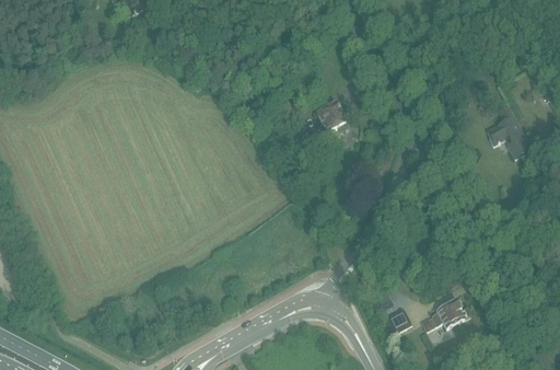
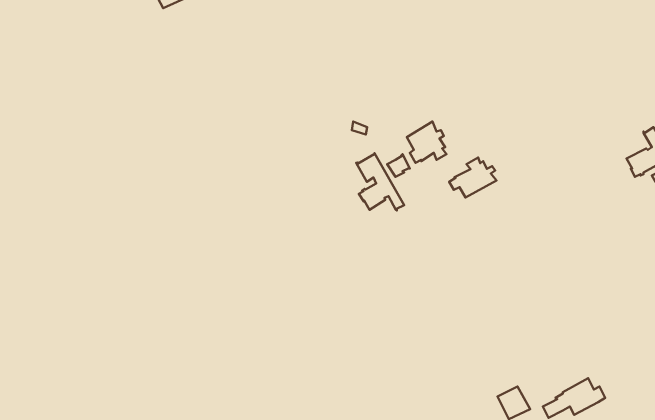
building: none -> [356,153,404,210]
building: none -> [449,157,497,198]

